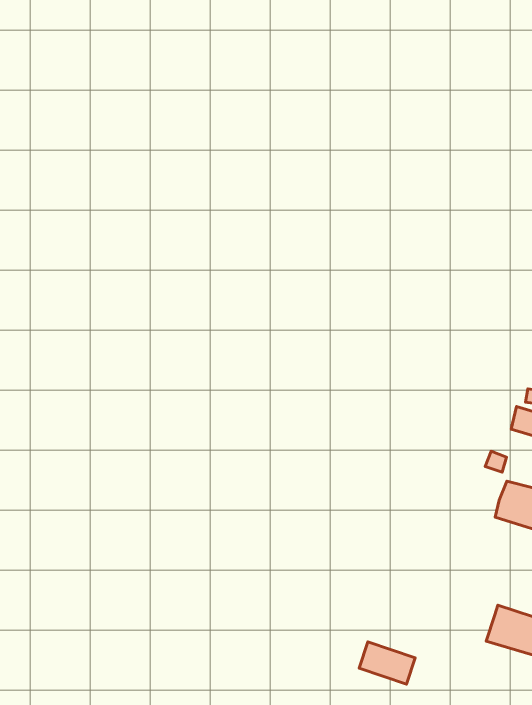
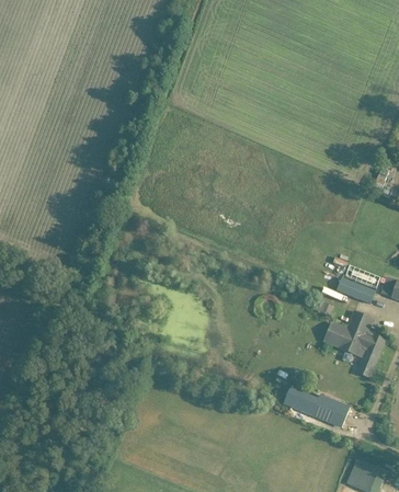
building: [359,642,415,684] -> [283,387,317,414]

